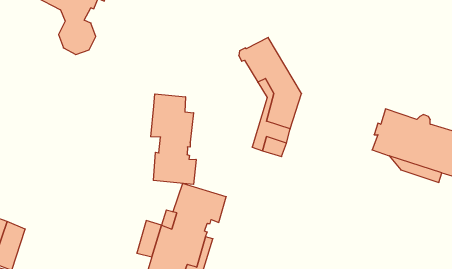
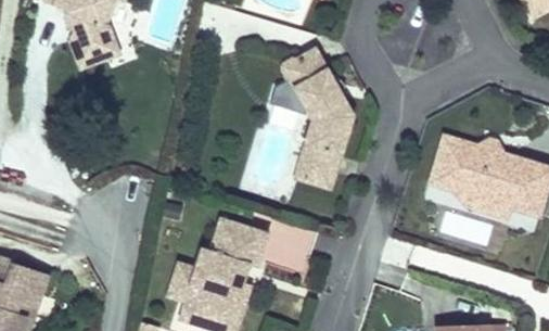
building: [151,94,196,184] -> none
building: none -> [265,221,317,272]

